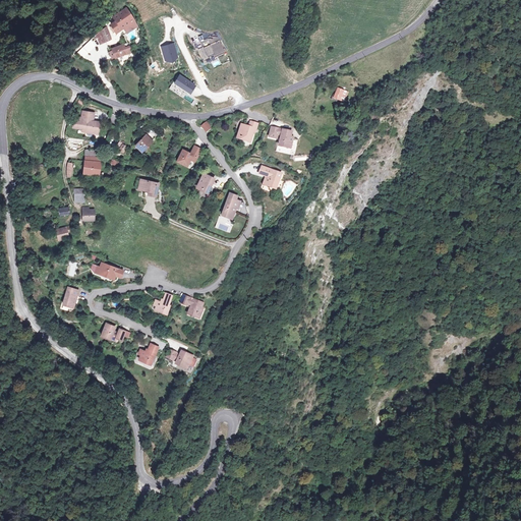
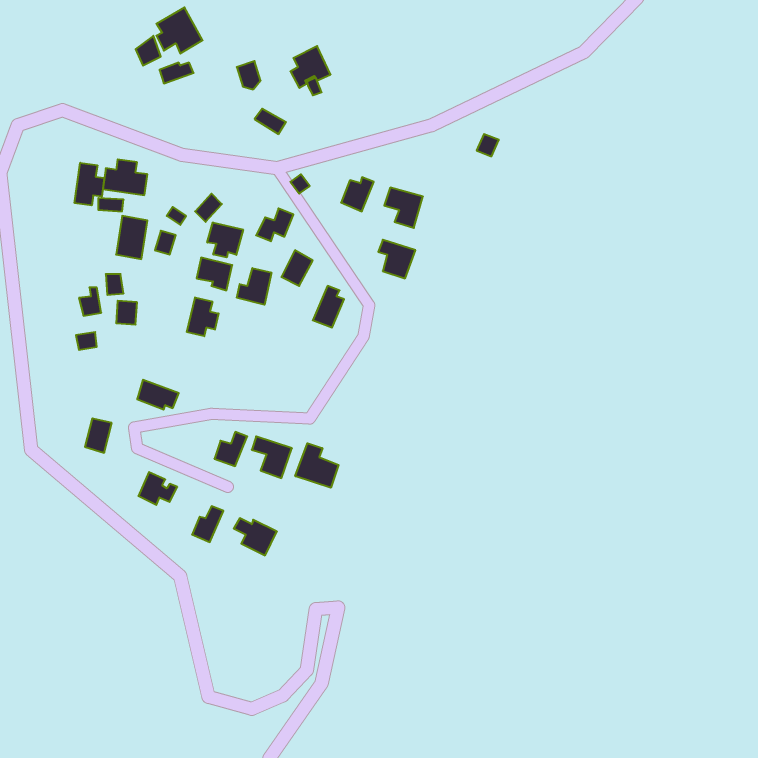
building: none -> [75,163,104,205]
building: none -> [207,222,243,257]
building: none -> [237,268,271,305]
building: none -> [187,297,219,336]
building: none -> [295,443,339,488]

